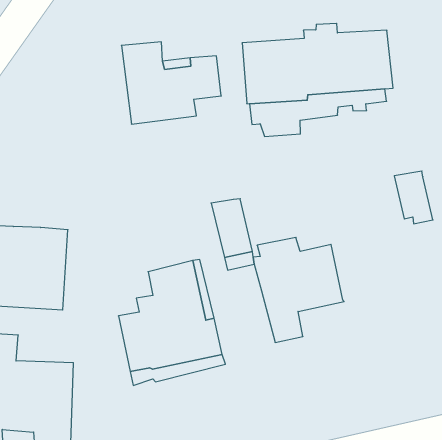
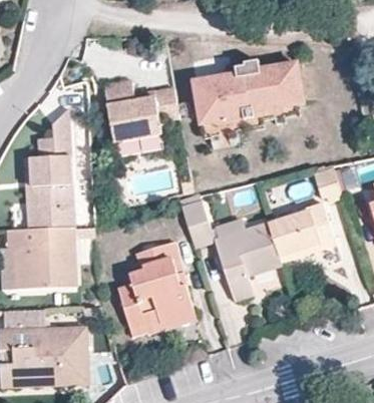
building: none -> [33,108,71,229]
building: none -> [267,203,335,263]

